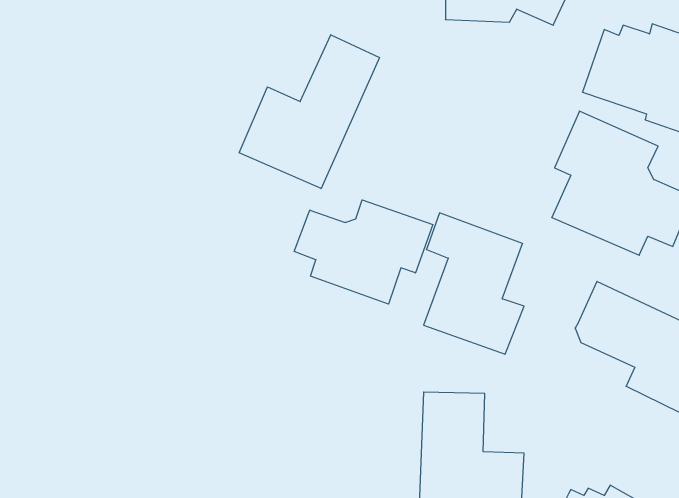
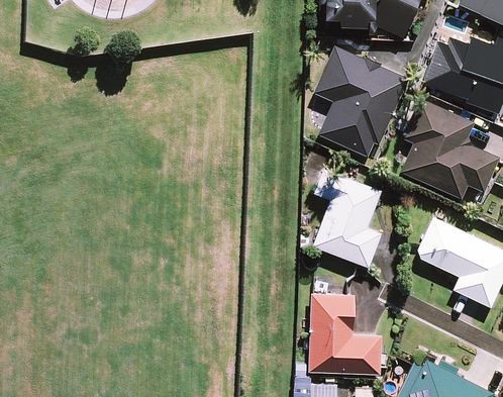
building: [239,35,379,189] -> none
building: none -> [314,46,409,156]
building: [294,200,433,304] -> none

